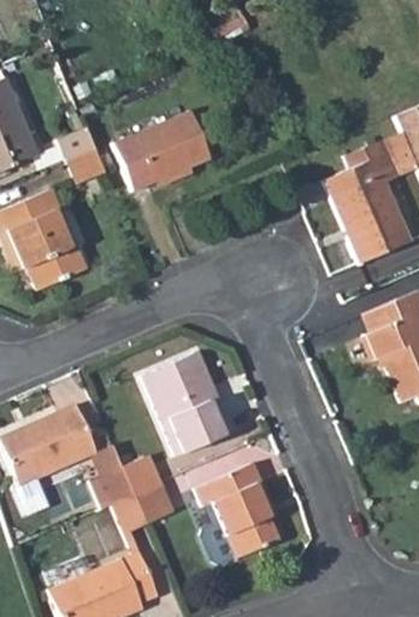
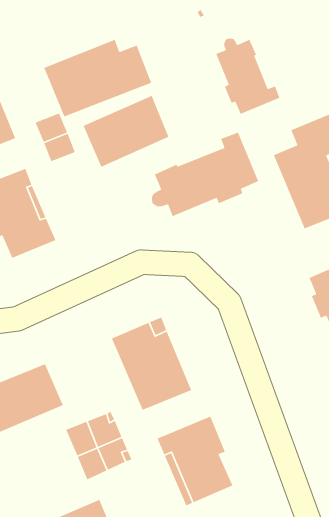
building: none -> [215,38,280,115]
building: none -> [43,39,152,117]
building: none -> [151,131,259,217]

